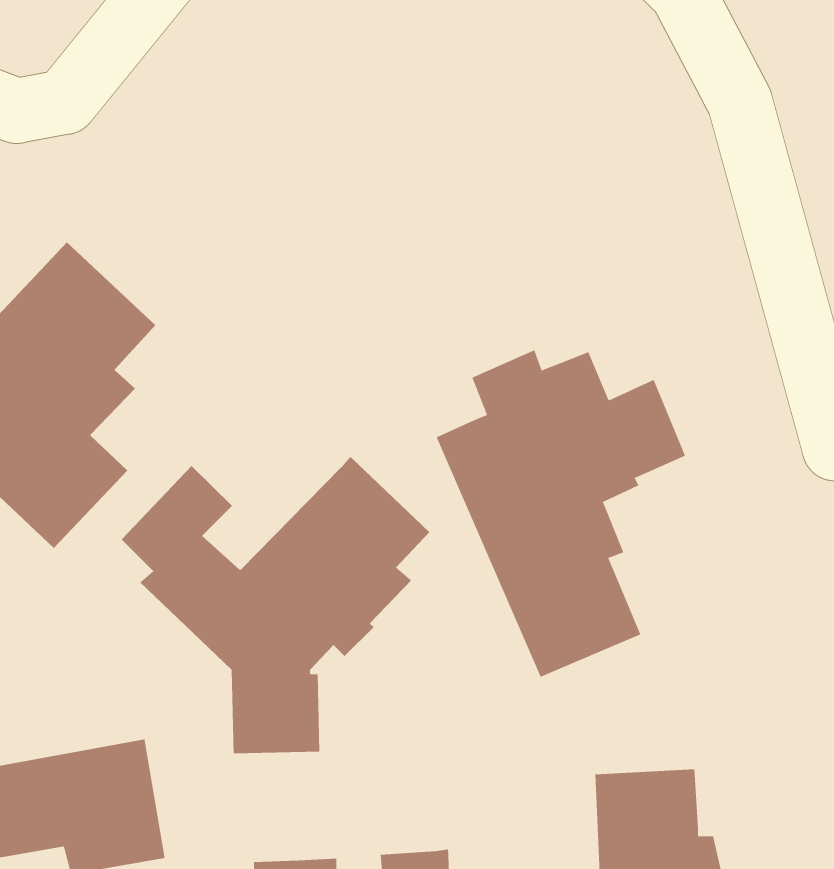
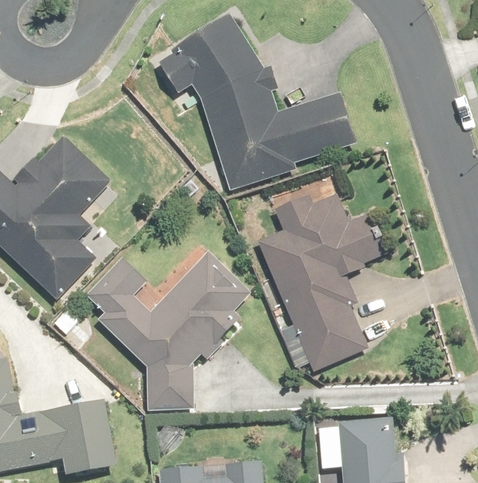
building: none -> [154,15,351,189]

